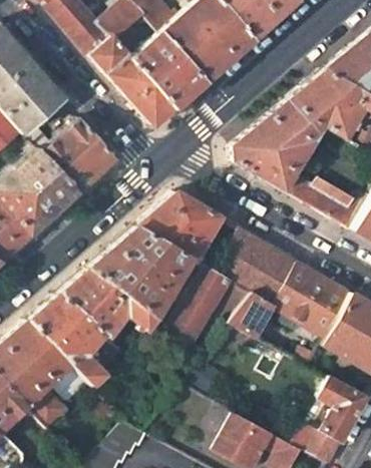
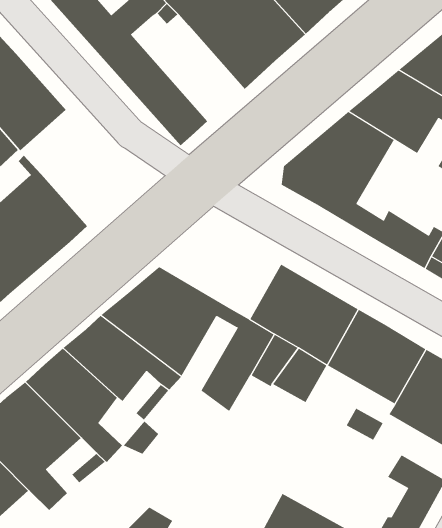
building: [116,26,207,110] -> none
building: [44,120,118,194] -> none
building: [138,191,222,261] -> none

